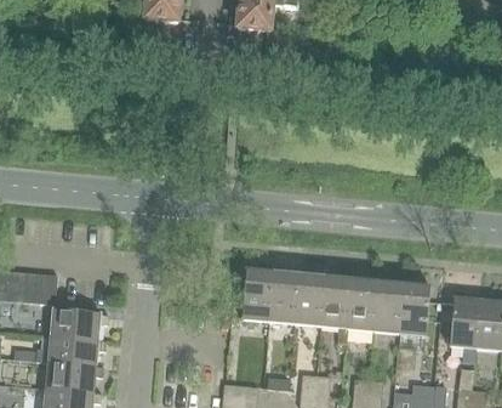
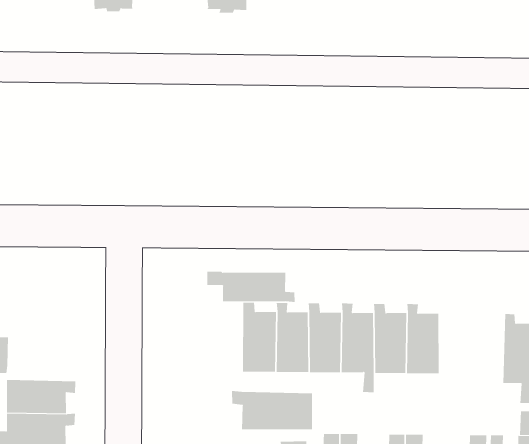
building: none -> [207,271,295,303]
building: [399,277,429,335] -> none
building: none -> [231,390,313,430]

